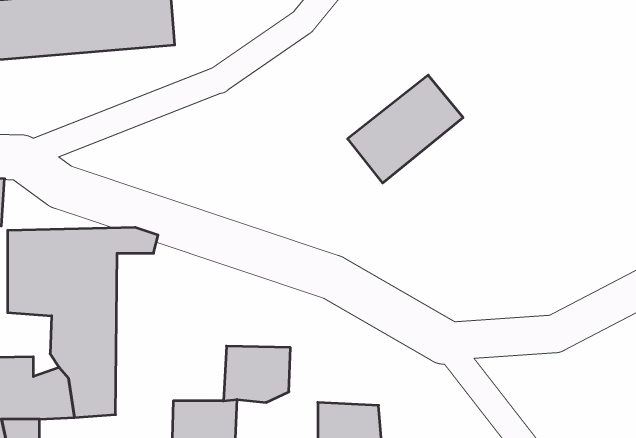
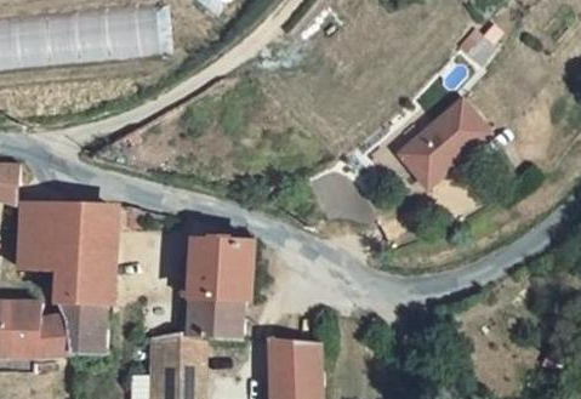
building: [348,75,463,183] -> [391,97,483,183]
building: none -> [194,233,254,296]

